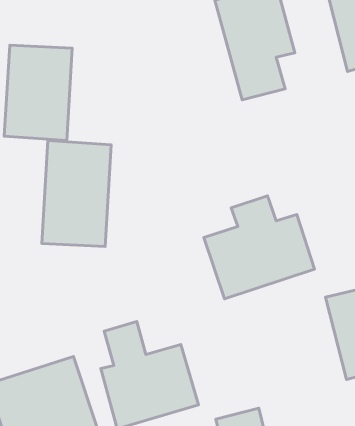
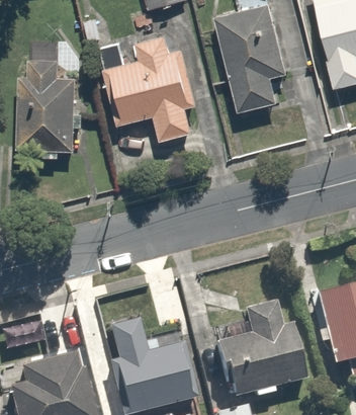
building: none -> [106,33,208,139]
building: [42,141,111,246] -> none
building: [204,196,315,299] -> [212,304,315,399]

